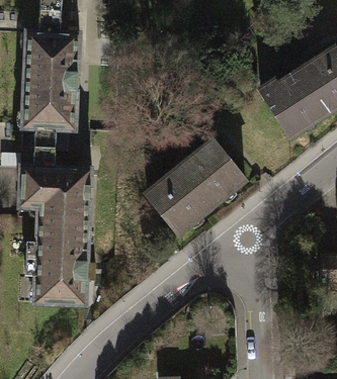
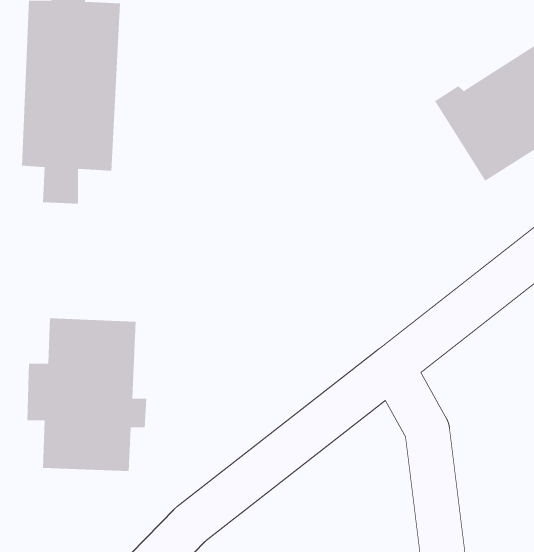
building: [145,141,243,234] -> none
building: [17,150,89,218] -> none

